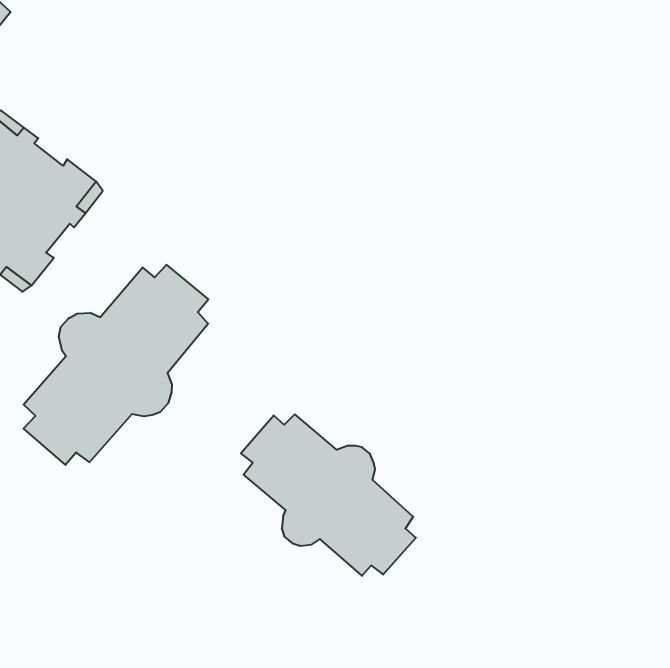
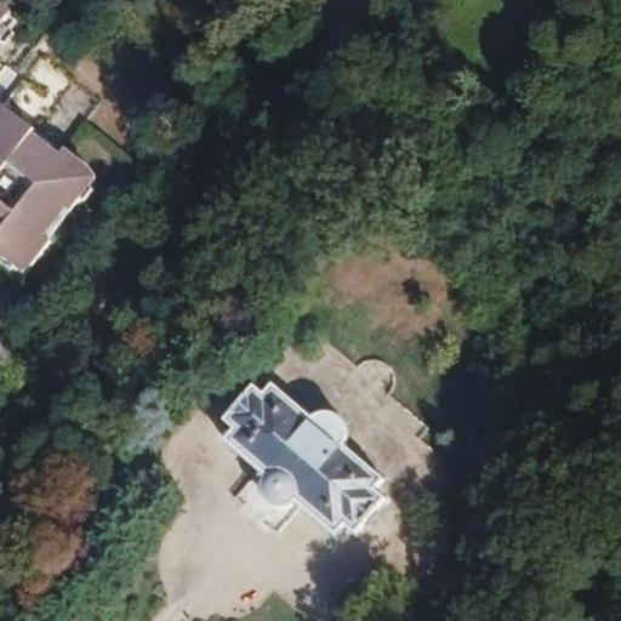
building: [23,265,208,465] -> none

